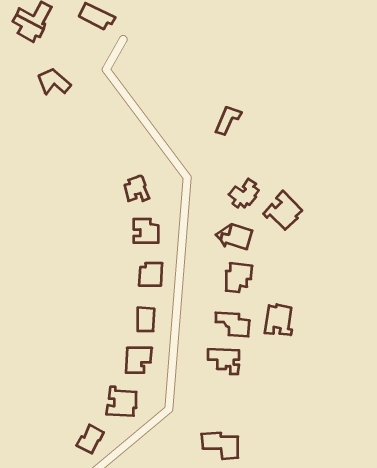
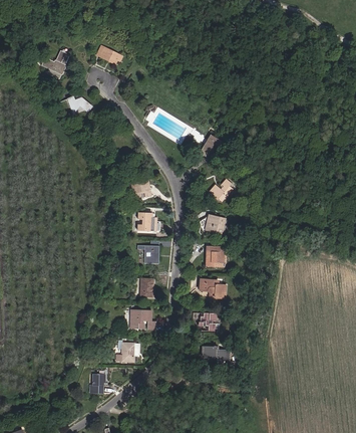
building: [263,191,302,230] -> none
building: [265,304,292,335] -> none
building: [201,433,238,459] -> [204,347,232,367]

